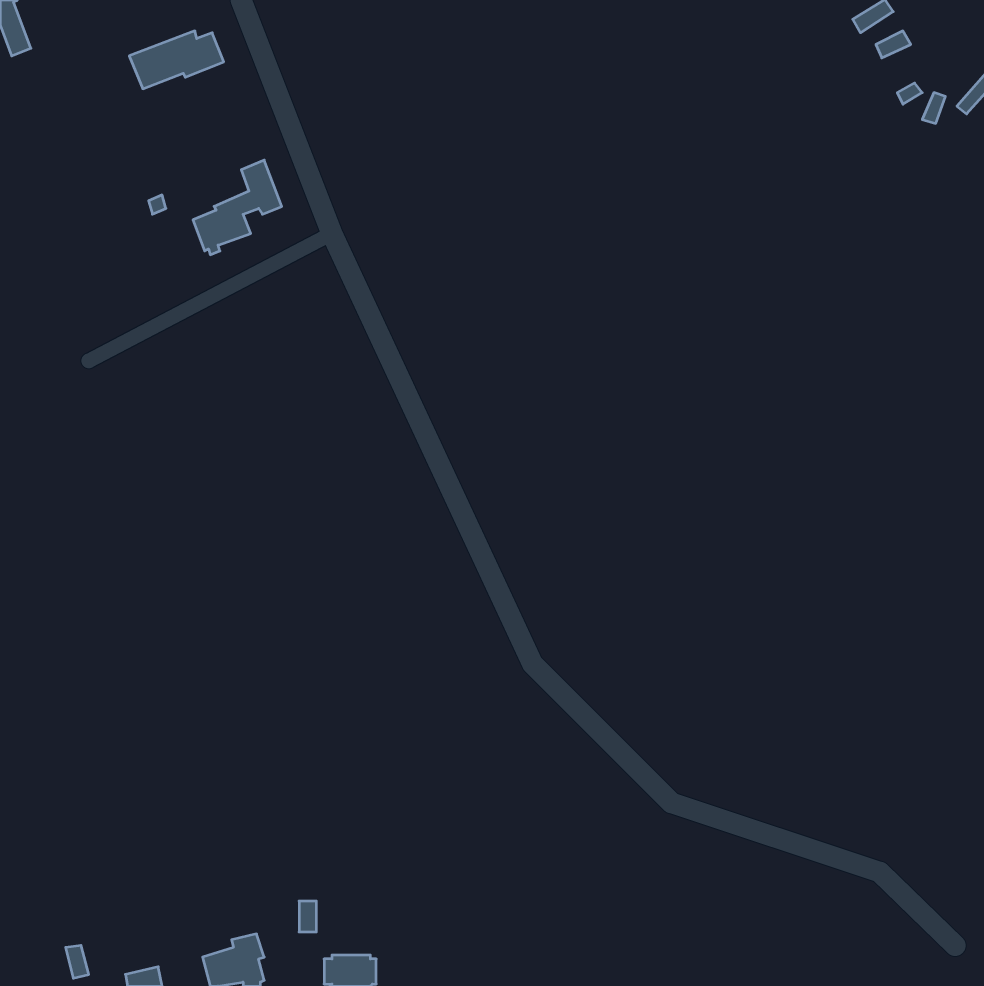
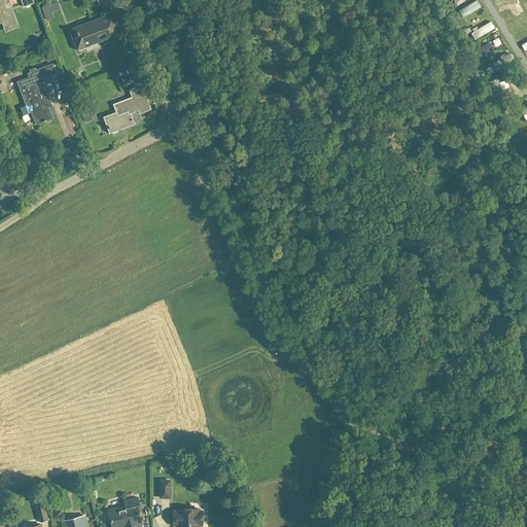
building: none -> [17,64,62,125]

